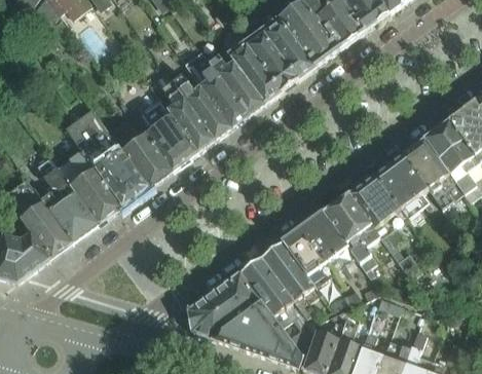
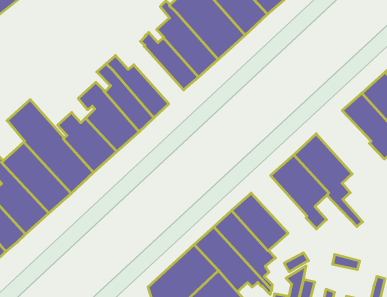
building: [185,51,247,127] -> none
building: [375,153,433,218] -> none
building: [303,211,357,270] -> none

